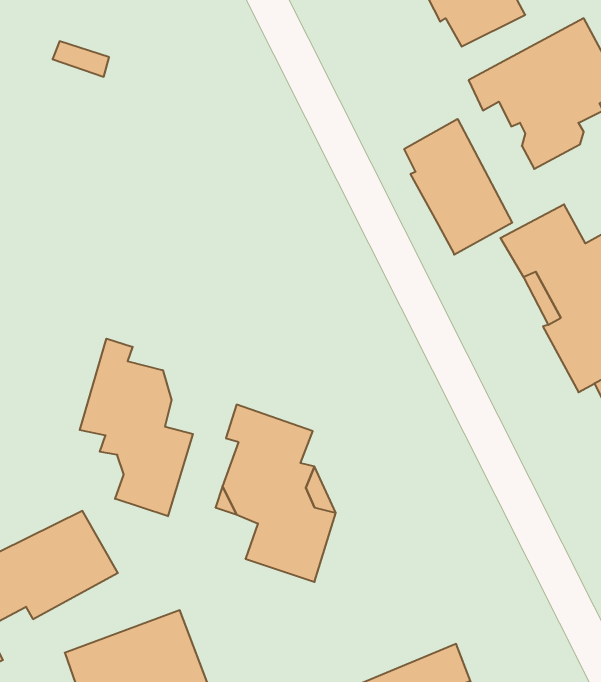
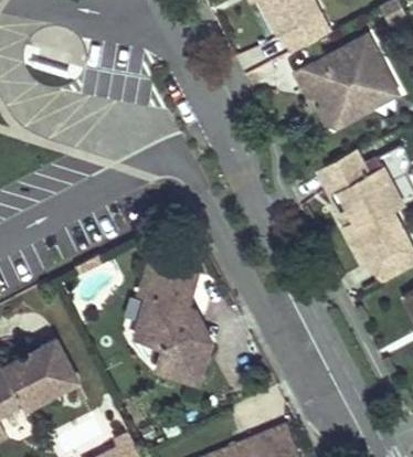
building: [404,119,512,255] -> none
building: [80,339,193,516] -> none

